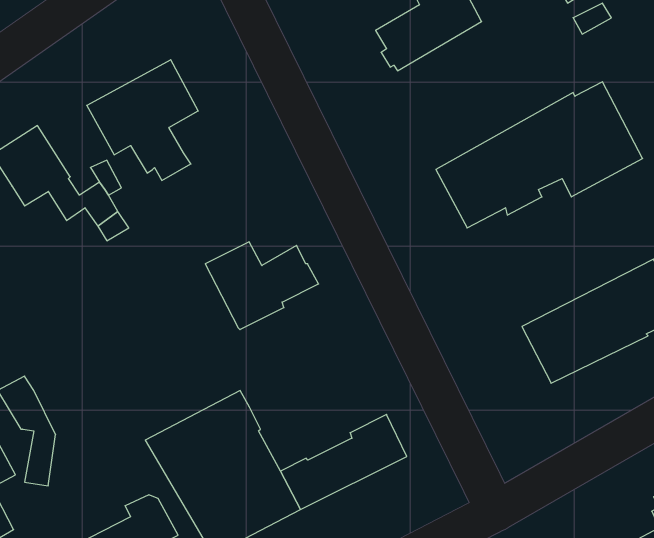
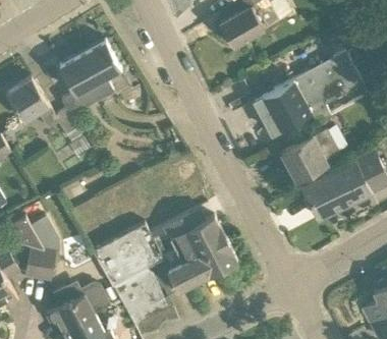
building: none -> [280,128,339,178]
building: [205,242,319,330] -> [162,214,225,263]
building: none -> [29,215,58,280]

